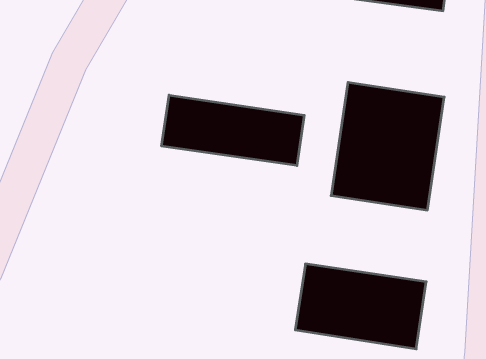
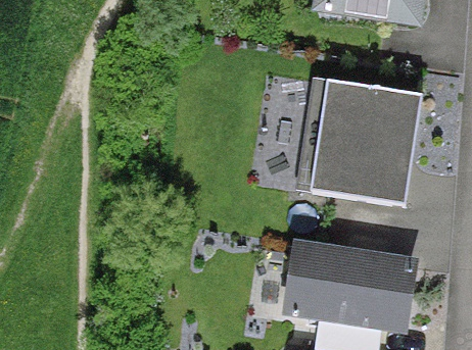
building: [162,95,304,166] -> none

